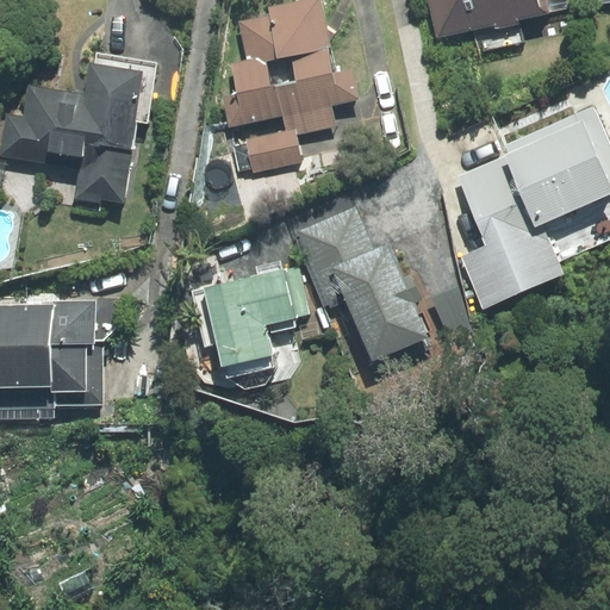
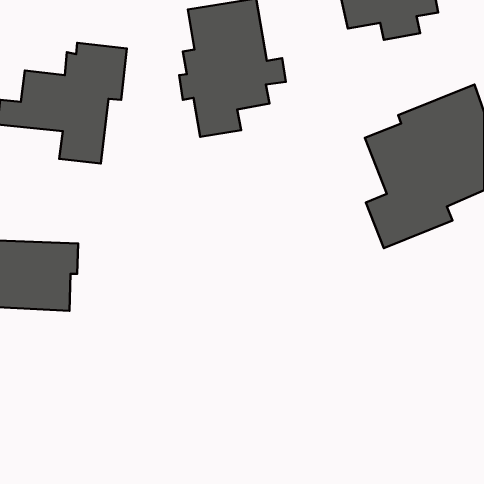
building: [297,206,424,363] -> none
building: [197,267,298,373] -> none

